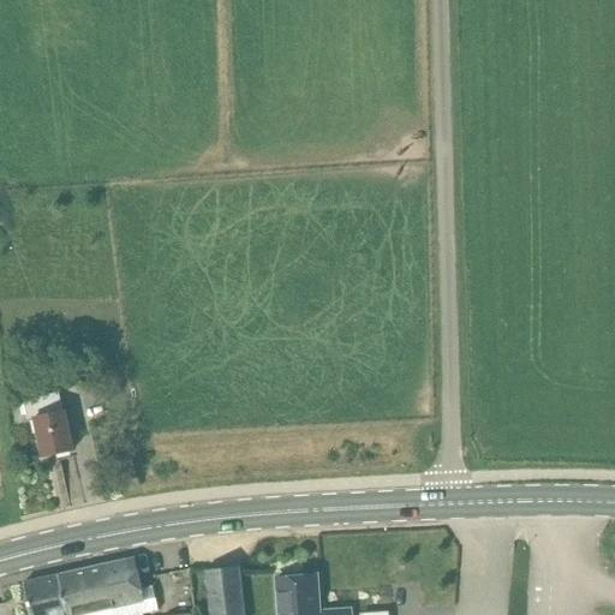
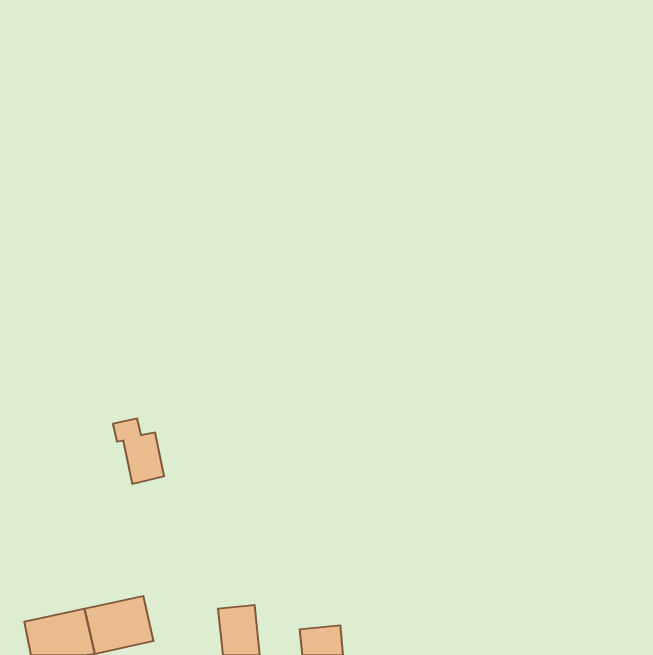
building: [24,396,72,458] -> [113,419,164,484]

